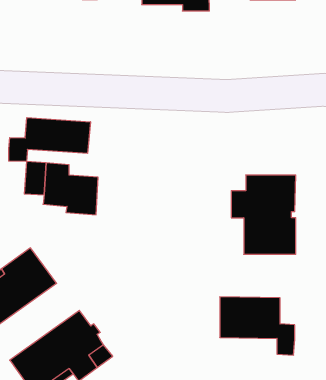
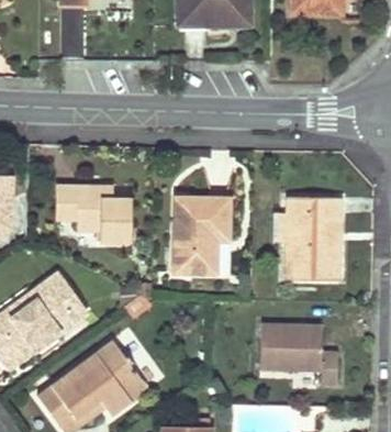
building: [9,118,90,162] -> none
building: none -> [175,197,228,274]

